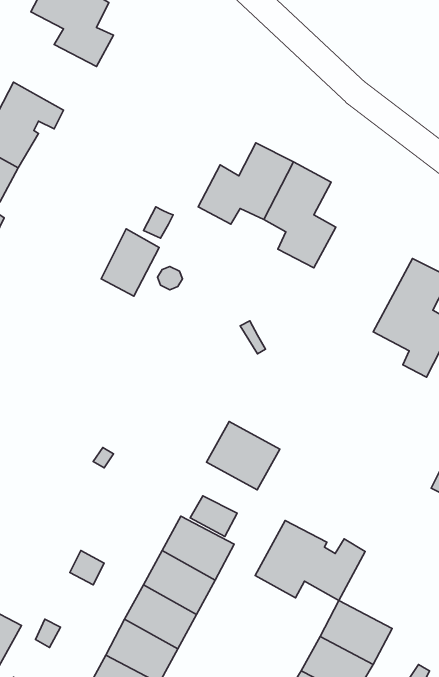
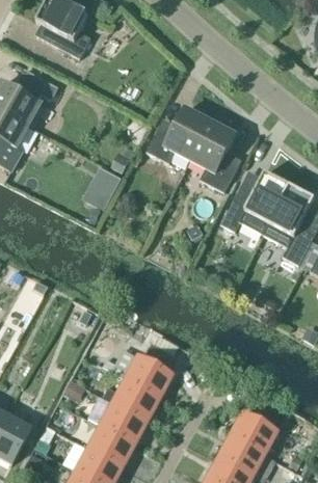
building: none -> [222,170,291,233]
building: [206,421,280,490] -> none
building: [255,521,365,601] -> none

